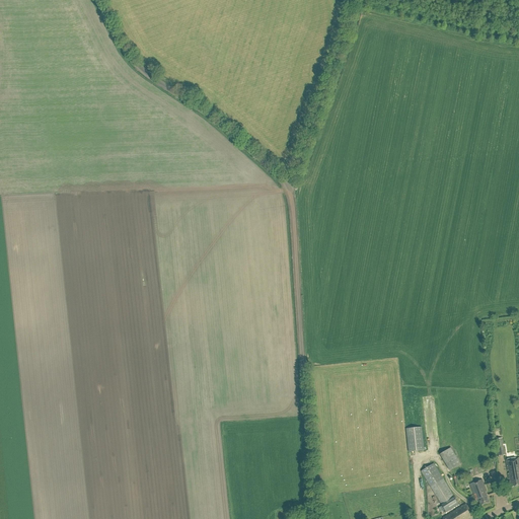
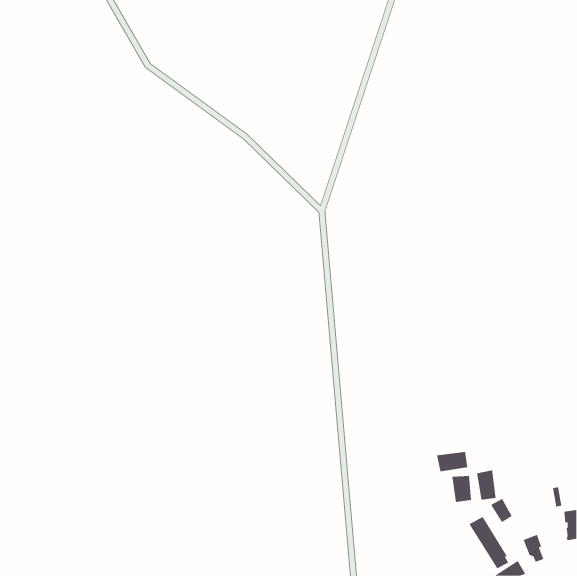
building: none -> [437,451,468,472]
building: none -> [477,470,496,500]

